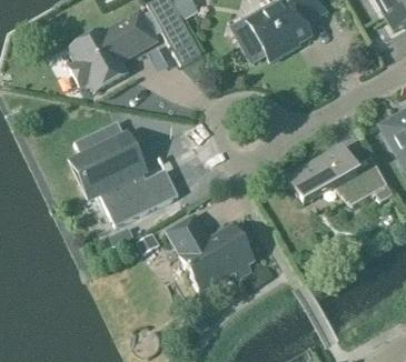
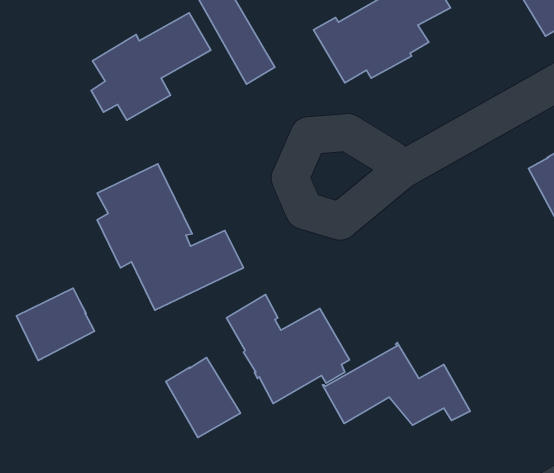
building: [288,147,394,205] -> [322,343,470,425]
building: none -> [16,288,95,361]
building: none -> [166,358,241,438]

